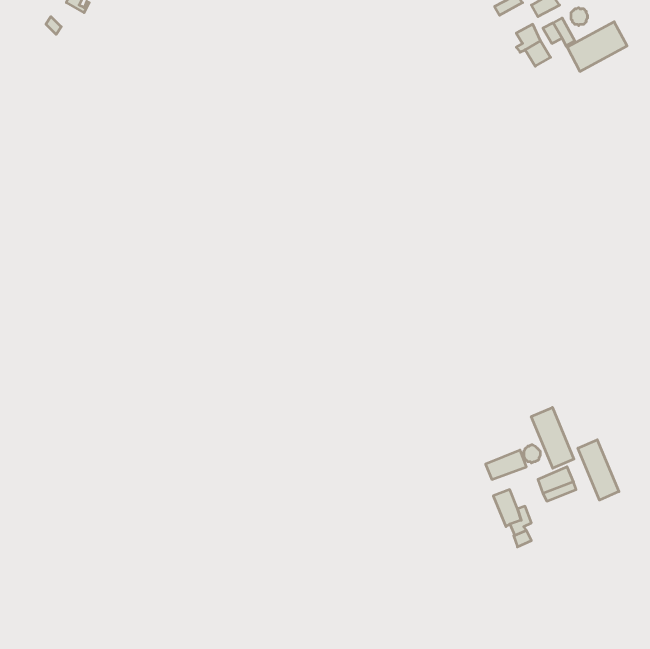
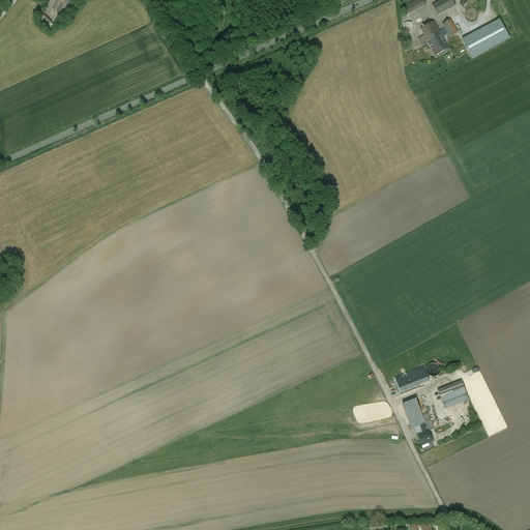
building: [531,407,574,468] -> none
building: [578,440,619,500] -> none

